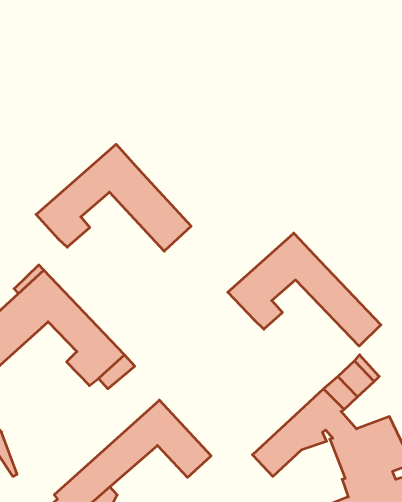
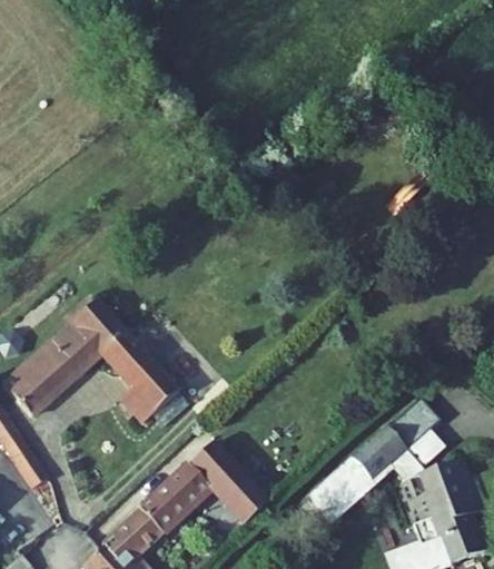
building: [36,144,191,251] -> none
building: [228,233,381,346] -> none

